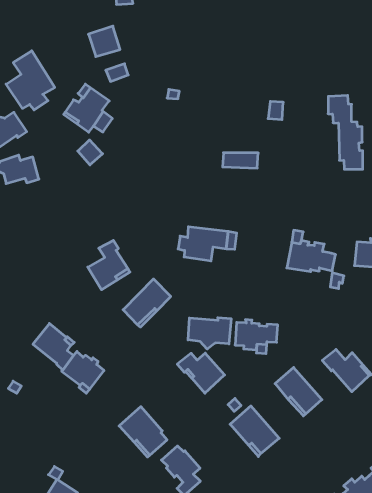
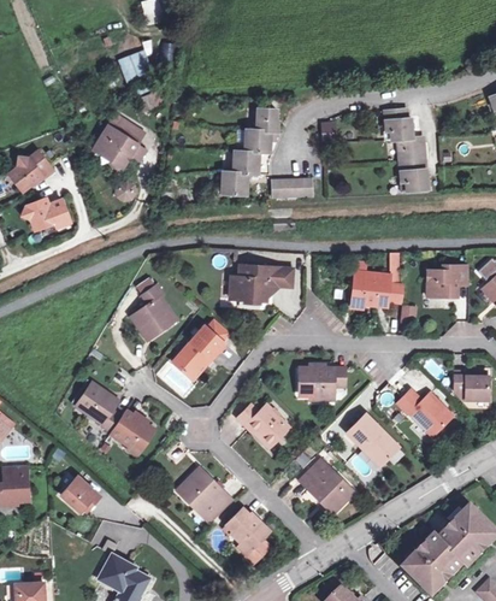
building: [6,51,55,110] -> none
building: none -> [220,108,277,194]
building: [188,318,231,349] -> none
building: none -> [60,476,99,512]

